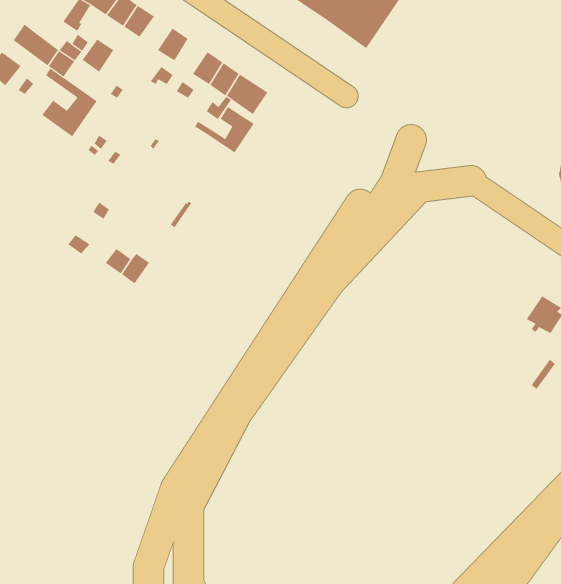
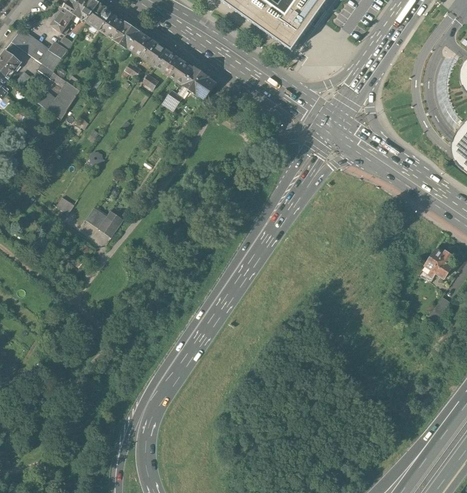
building: [82,39,114,72] -> [114,22,140,49]
building: none -> [142,40,168,68]
building: [194,106,255,153] -> none

